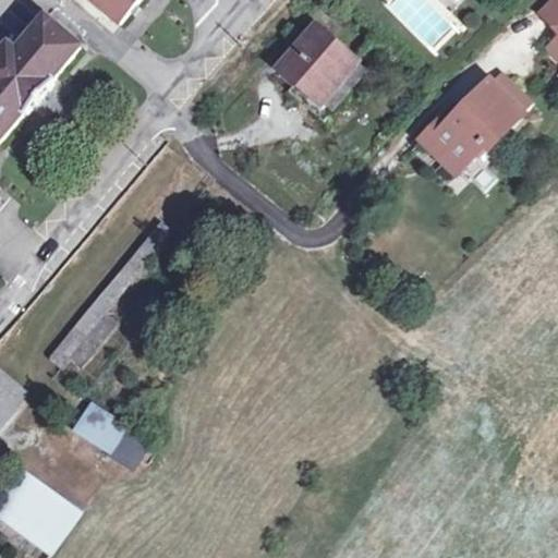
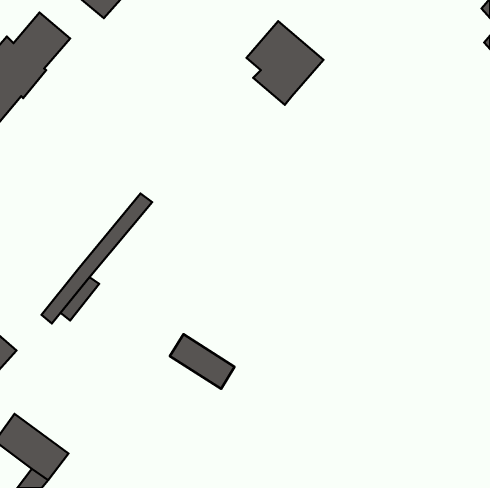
building: [422,70,531,170] -> none
building: [75,402,148,464] -> [170,334,234,389]

